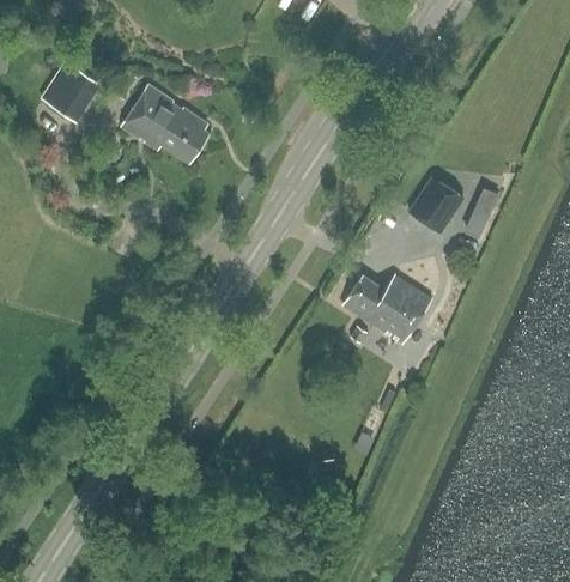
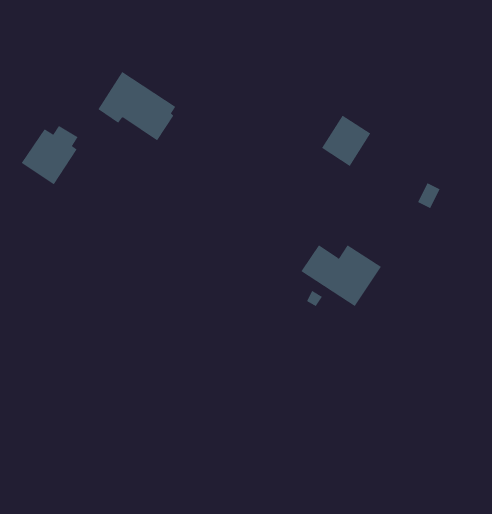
building: [40,55,102,120] -> [21,125,78,185]
building: [408,176,462,232] -> [321,115,371,167]

